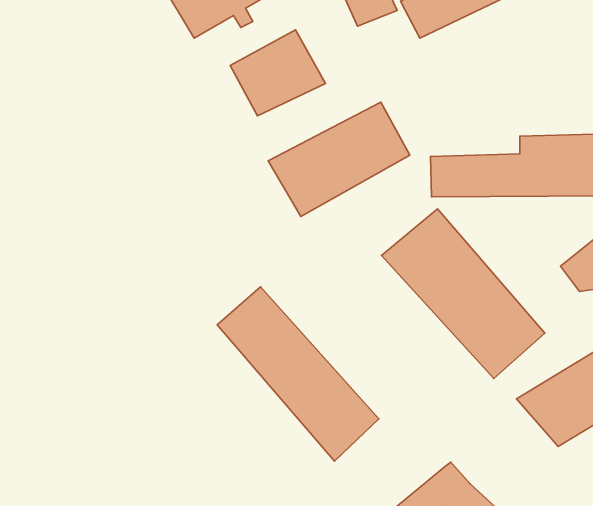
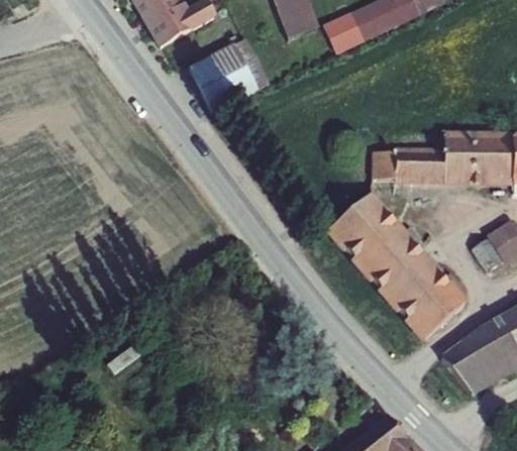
building: [268,102,410,216] -> none
building: [217,287,379,461] -> none

